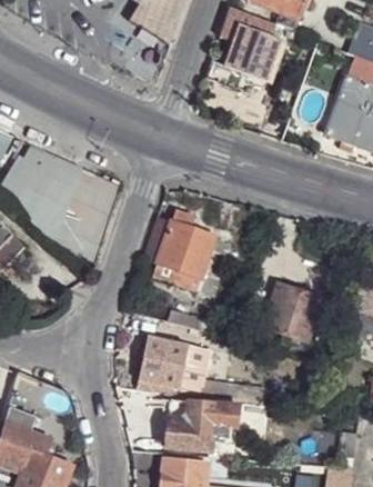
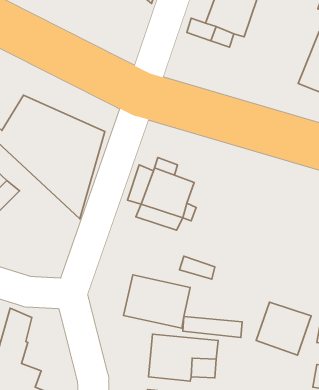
building: [265,285,324,341] -> [256,302,311,355]

